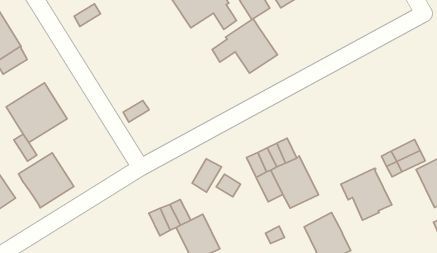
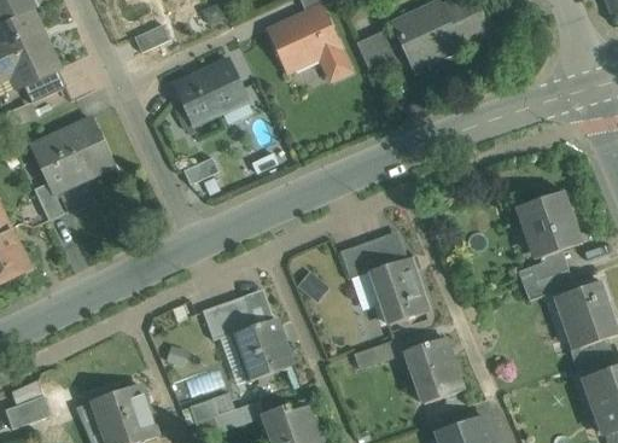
building: [212,19,277,73] -> none
building: none -> [174,60,249,126]
building: [19,153,74,208] -> none
building: [192,159,222,192] -> none
building: [341,168,392,220] -> [518,191,582,257]

